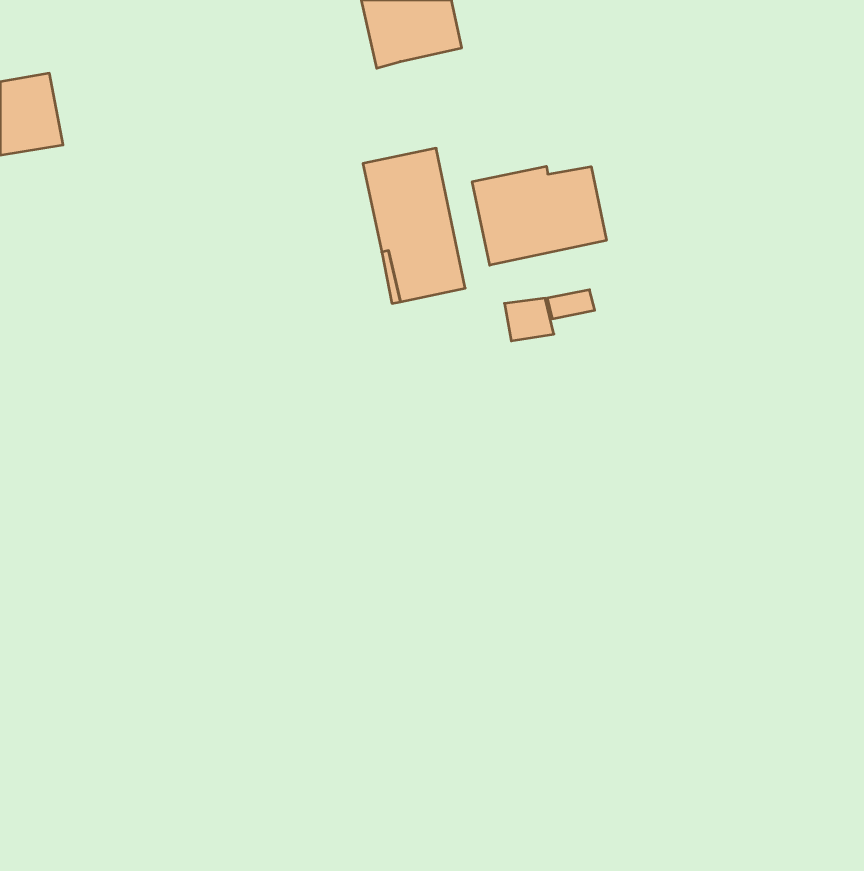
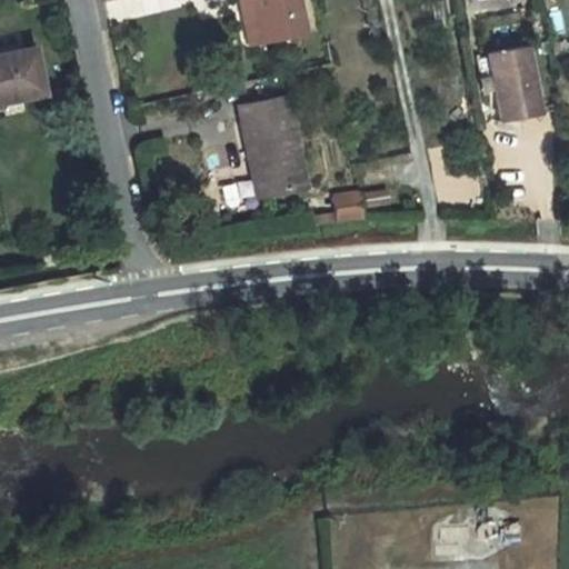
building: none -> [479,46,541,121]
building: [472,166,606,265] -> none

